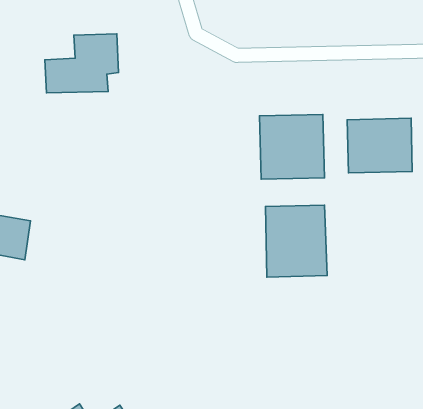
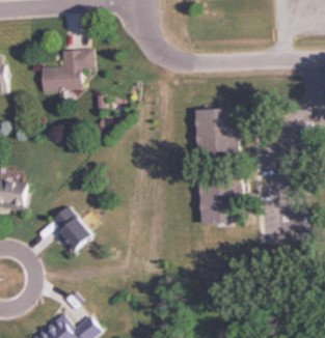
building: [347,118,412,173] -> none
building: none -> [49,205,97,253]

